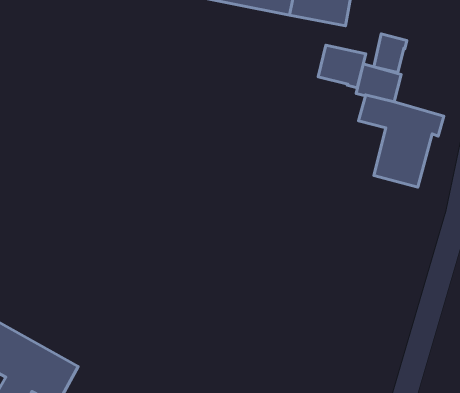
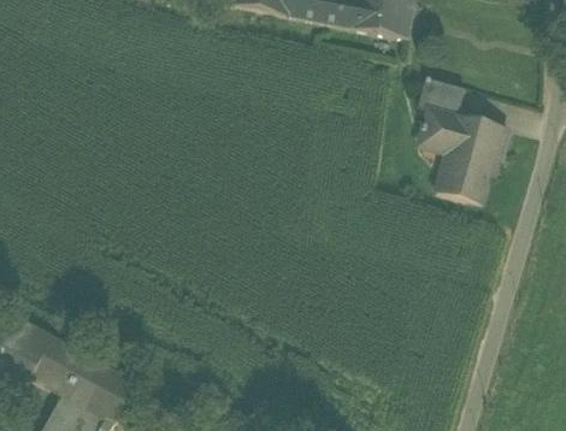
building: [374,34,407,73] -> none
building: [318,45,366,88] -> none

